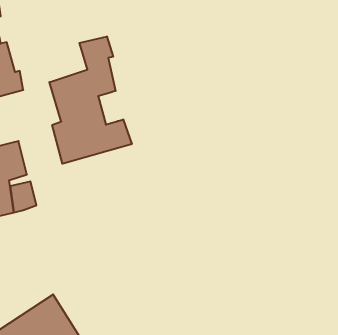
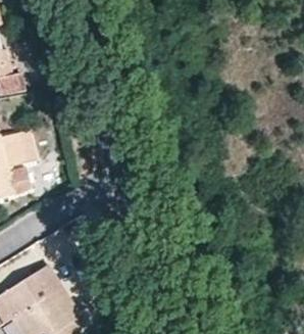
building: [49,36,132,164] -> none

